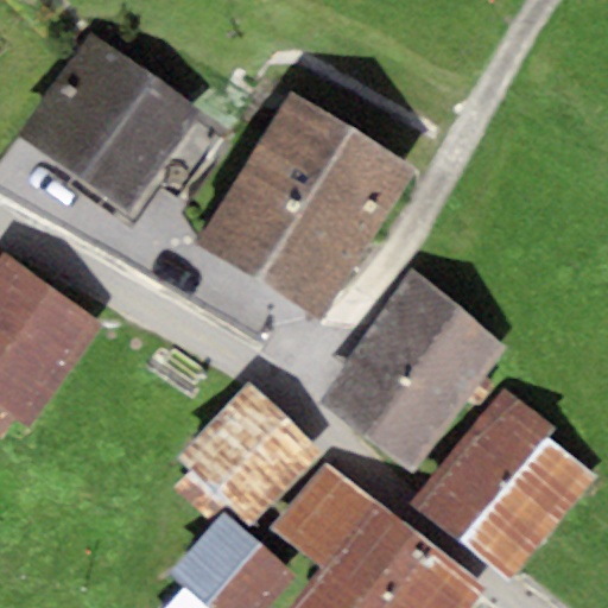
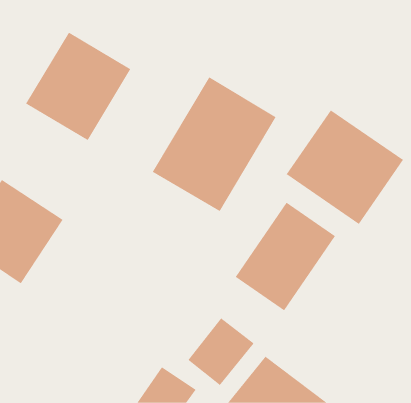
building: none -> [286,110,404,225]
building: [195,400,311,515] -> none
building: [437,406,588,560] -> none

